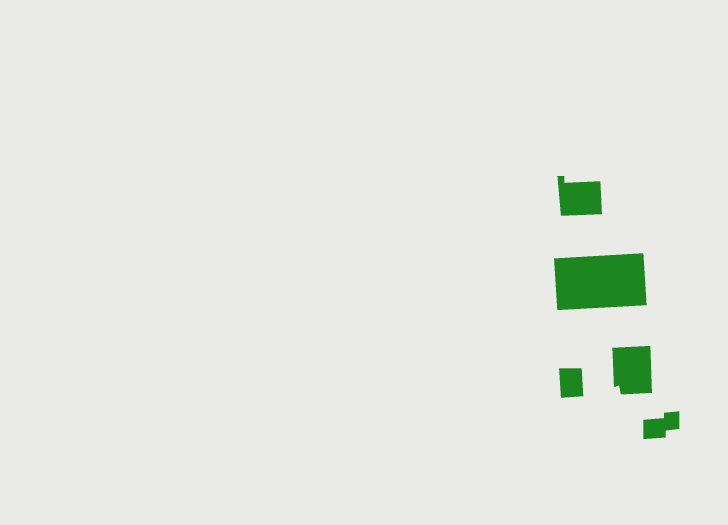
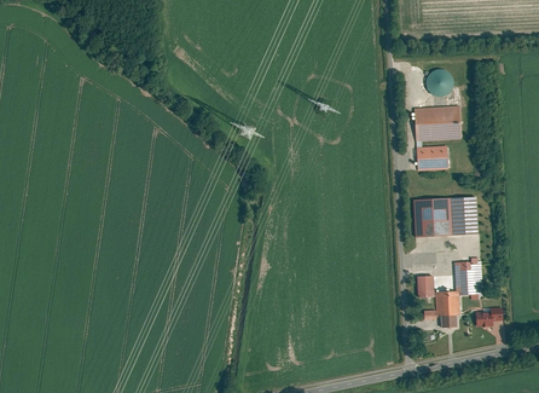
building: none -> [424,70,452,97]
building: none -> [413,105,460,141]
building: none -> [434,290,459,329]

